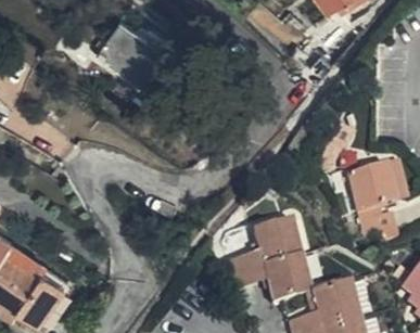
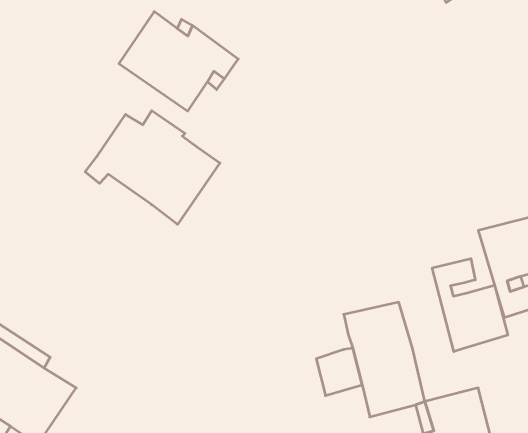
building: none -> [85,111,220,224]
building: none -> [432,259,508,352]

